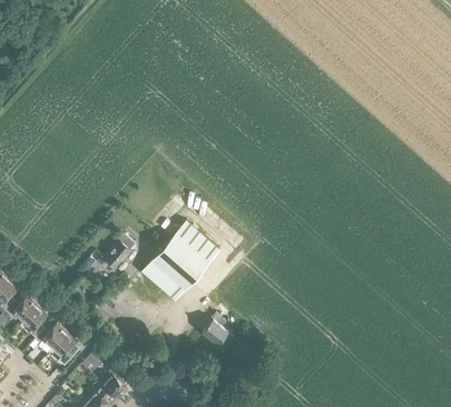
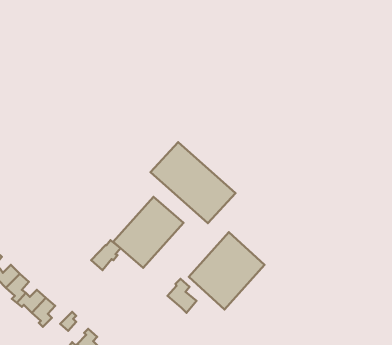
building: none -> [151,142,236,223]
building: [102,234,135,267] -> [91,240,120,270]
building: none -> [189,232,264,309]

